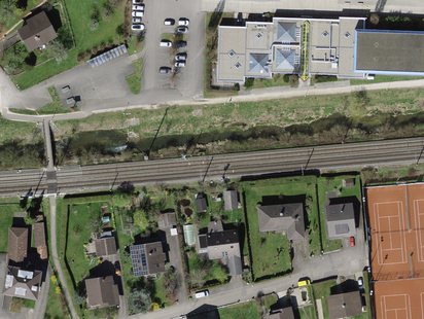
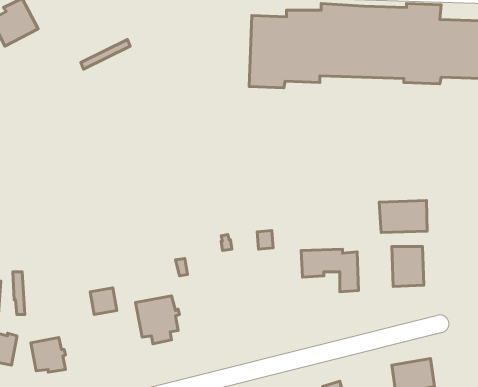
building: none -> [379,201,427,233]
building: [195,232,236,258] -> none
building: [86,277,113,304] -> [31,337,66,372]

